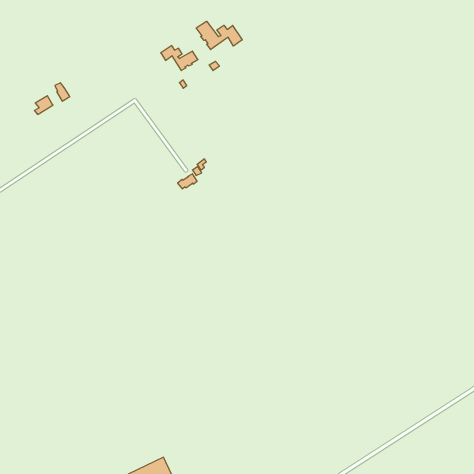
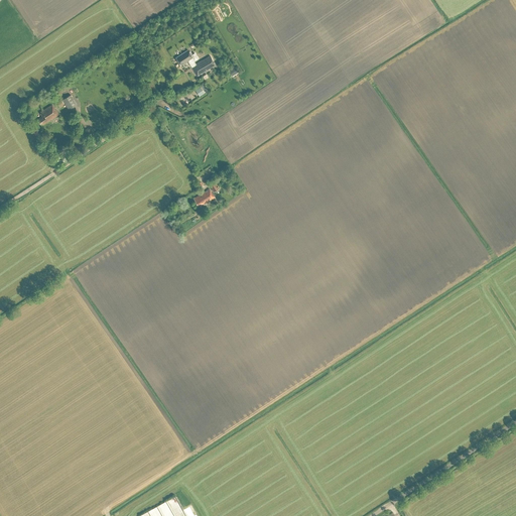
building: [196,21,242,50] -> none

